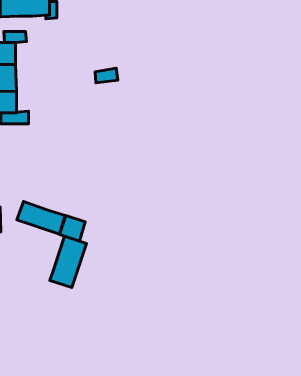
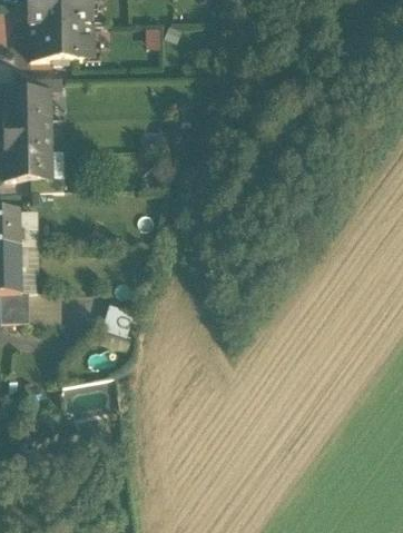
building: [17,202,65,234] -> none
building: [50,236,86,288] -> none

